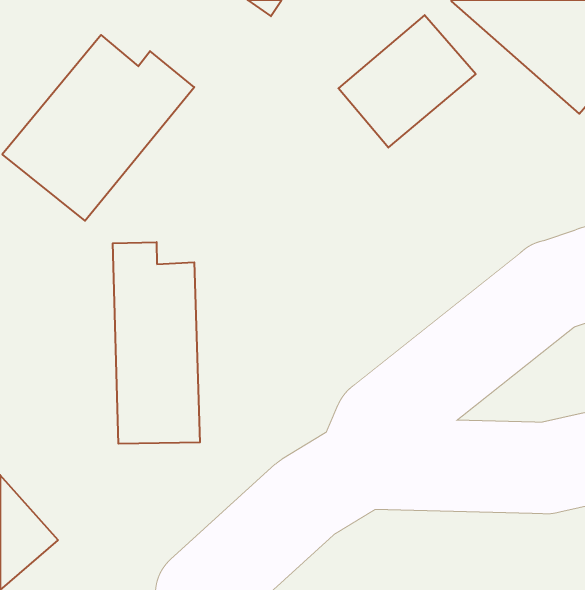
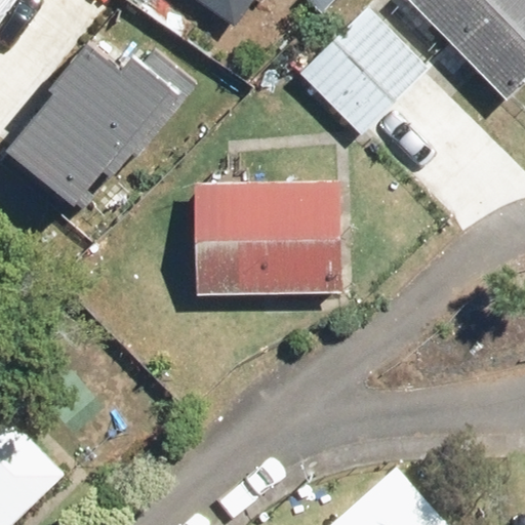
building: none -> [192,176,340,300]
building: [113,242,200,444] -> none

